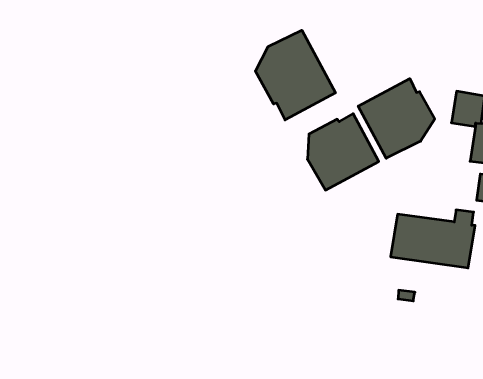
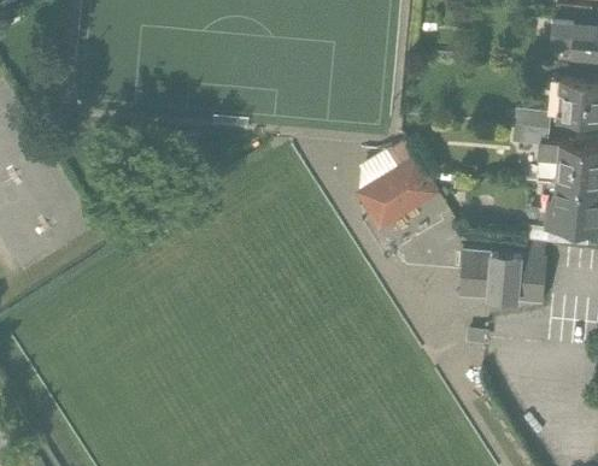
building: [255,30,335,120] -> none
building: [358,79,435,158] -> none

